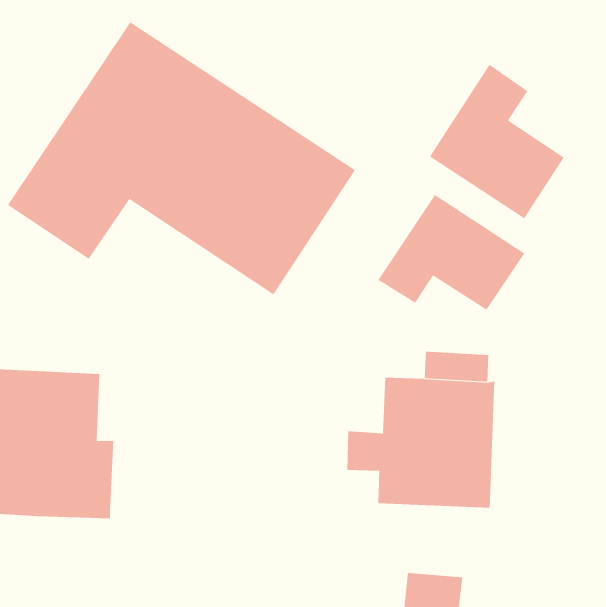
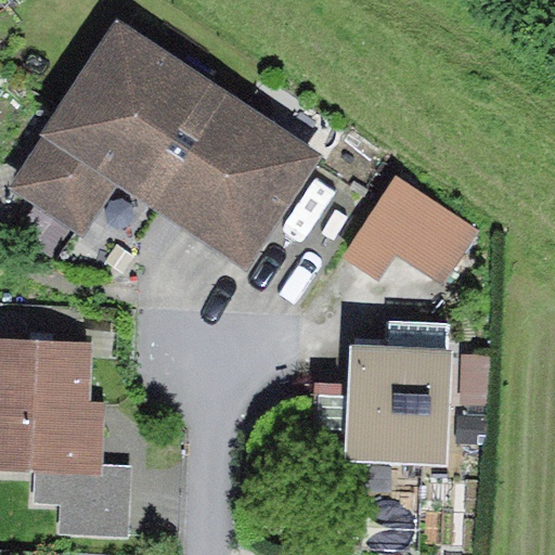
building: [429,64,564,219] -> none
building: none -> [31,466,130,538]

